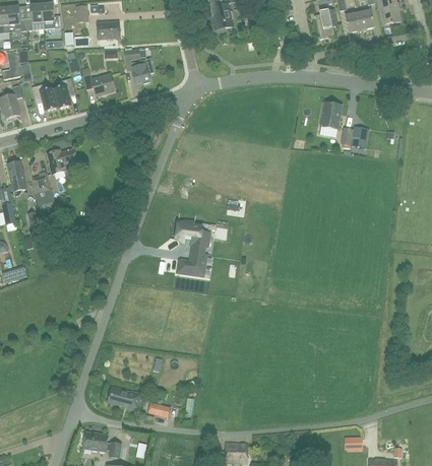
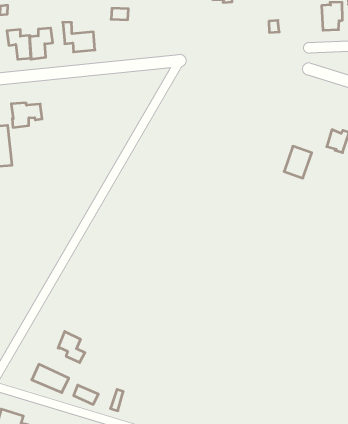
building: [130,56,152,82] -> none
building: [319,101,342,128] -> [284,146,312,178]
building: [176,219,210,275] -> none
building: none -> [58,331,85,363]

